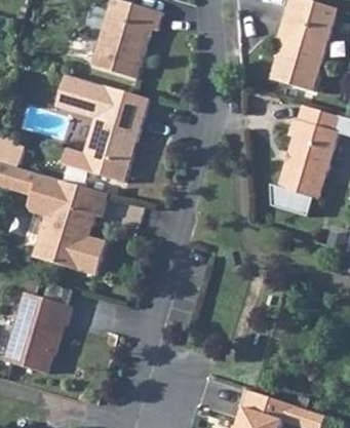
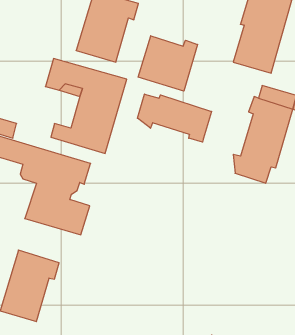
building: none -> [138,36,198,91]
building: none -> [137,94,212,142]

